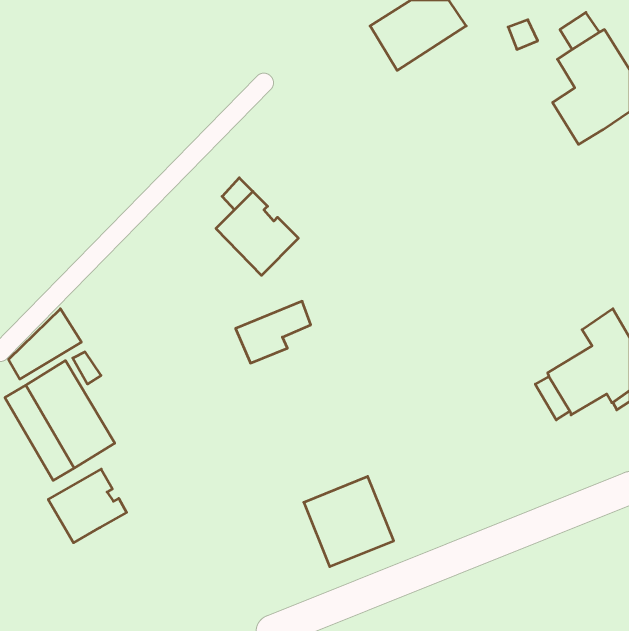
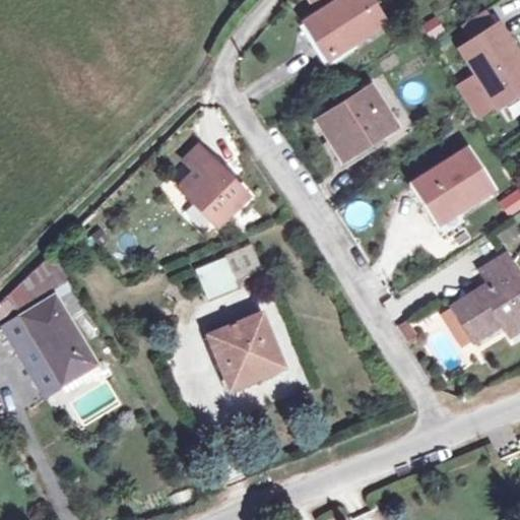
building: none -> [319,87,395,159]
building: none -> [413,148,493,222]
building: [48,469,127,543] -> none
building: [304,476,394,567] -> [209,314,283,388]

